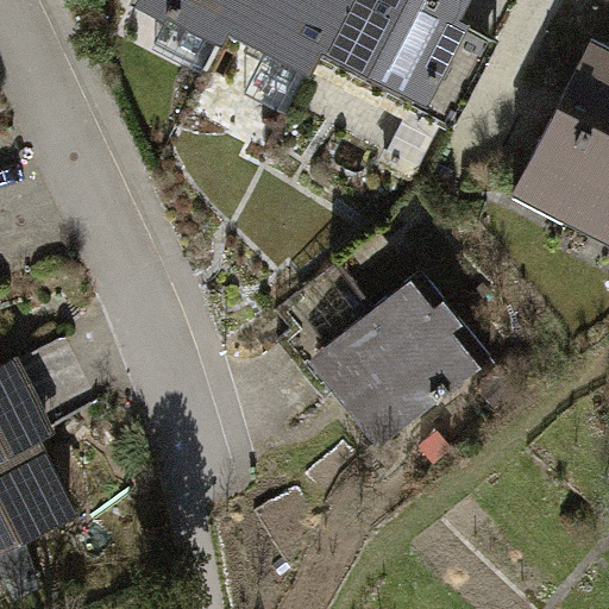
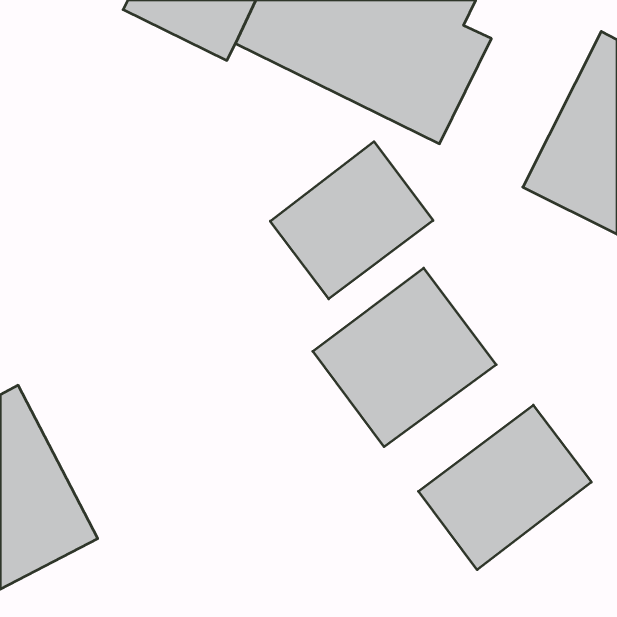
building: none -> [270,142,433,299]
building: none -> [418,405,591,570]

